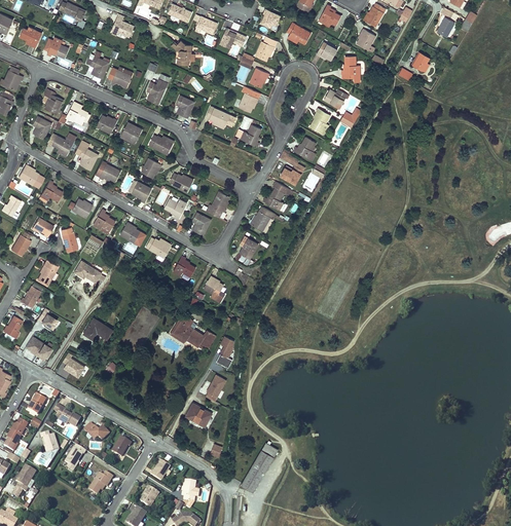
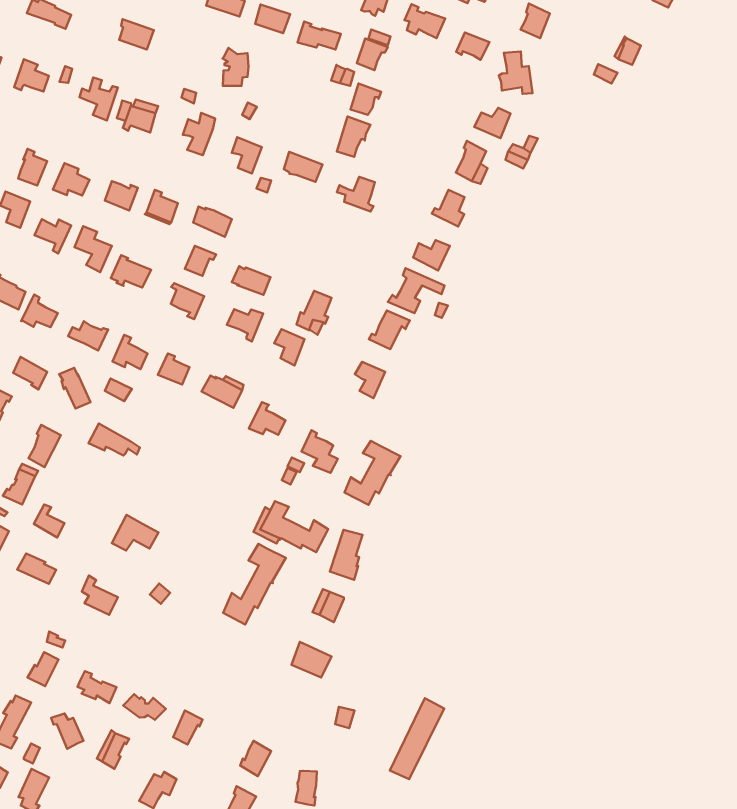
building: none -> [345,441,401,505]
building: none -> [223,544,286,625]

